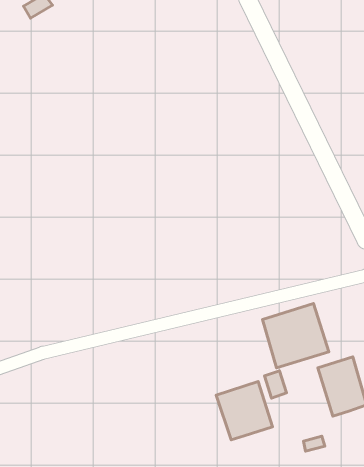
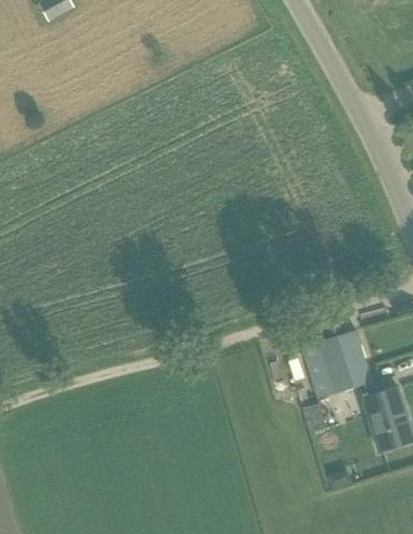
building: [216,382,272,440] -> none

